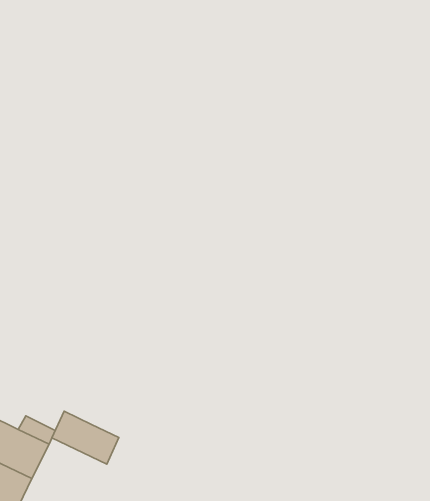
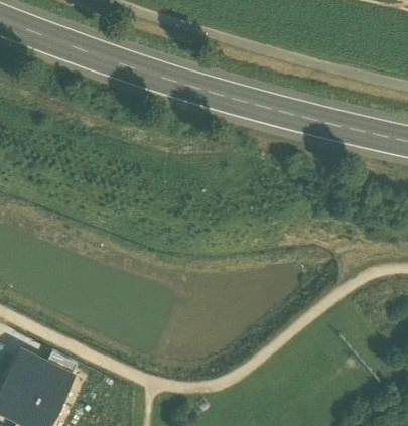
building: [52,411,119,464] -> none

